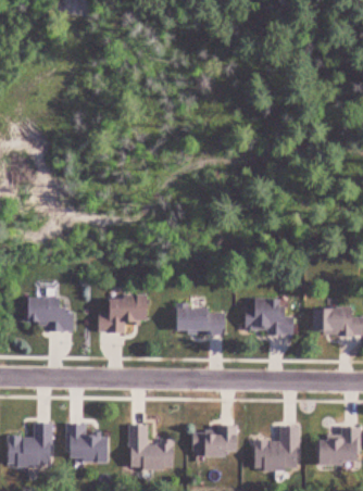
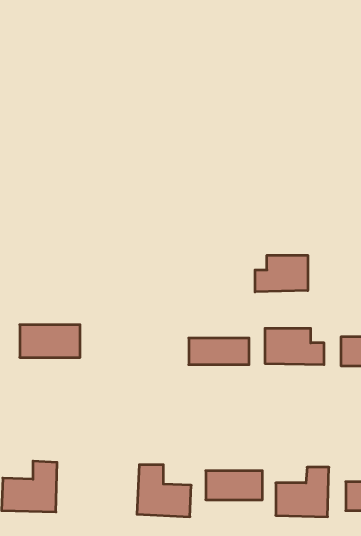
building: none -> [255,255,308,292]
building: [95,295,153,332] -> none
building: [63,420,115,463] -> none

